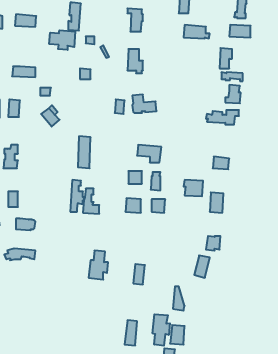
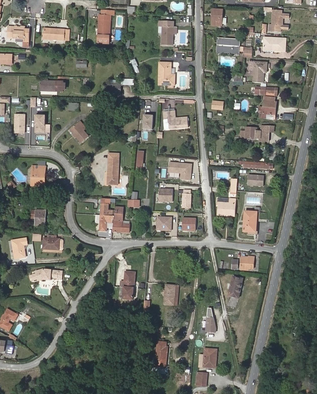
building: [49,30,75,50] -> none
building: [153,314,170,346] -> none

